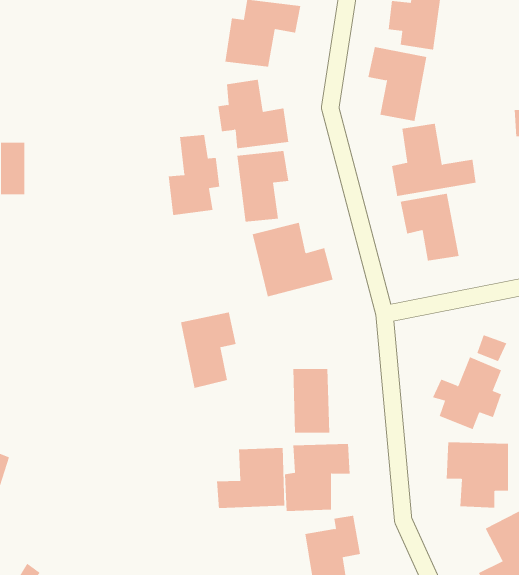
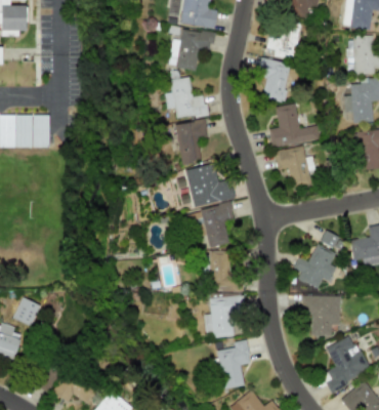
building: [168,134,220,216] -> none
building: [180,312,236,389] -> [201,202,235,248]
building: [216,447,285,509] -> none

